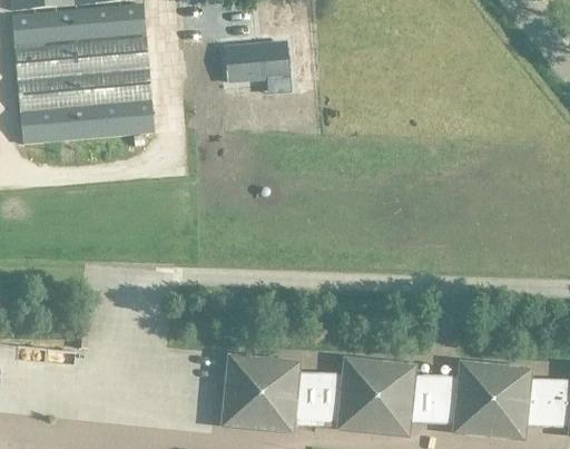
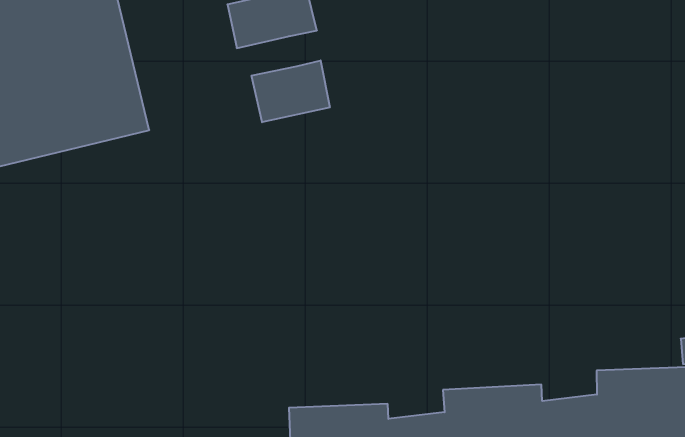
building: none -> [252,60,330,122]

